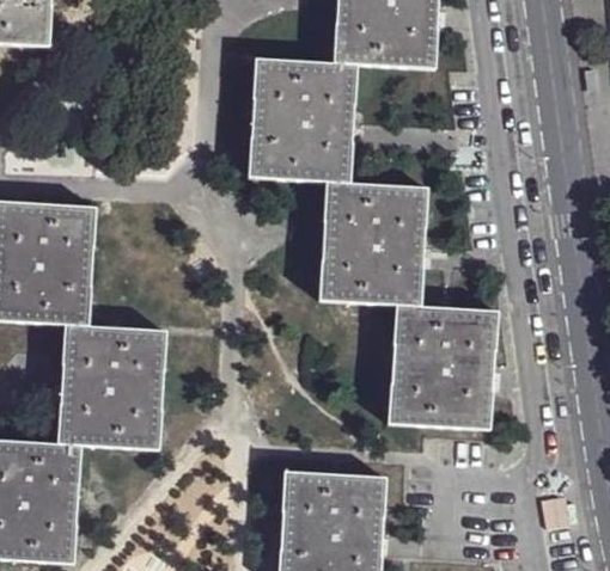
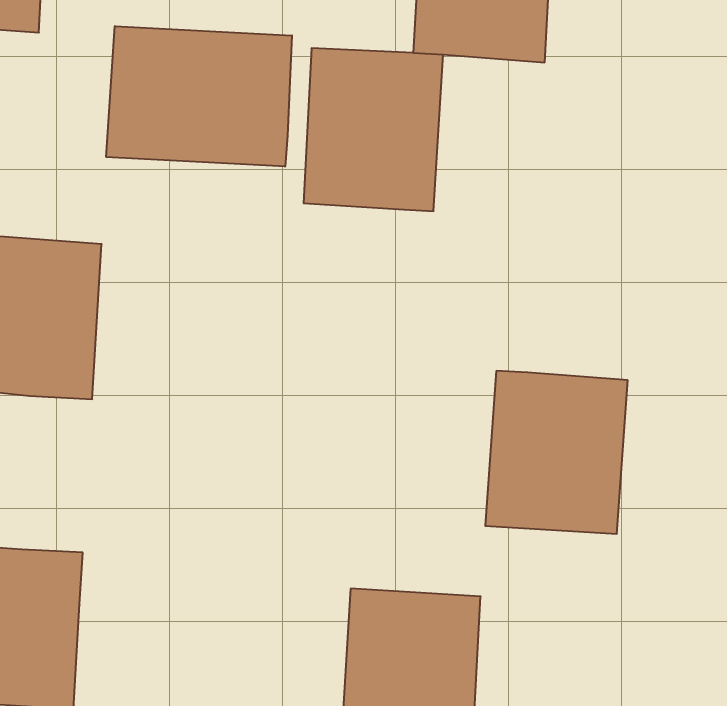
building: none -> [106,26,292,167]
building: [321,182,427,306] -> none
building: [35,324,166,449] -> none

